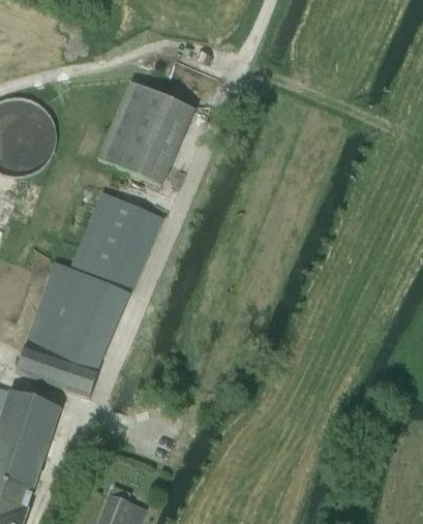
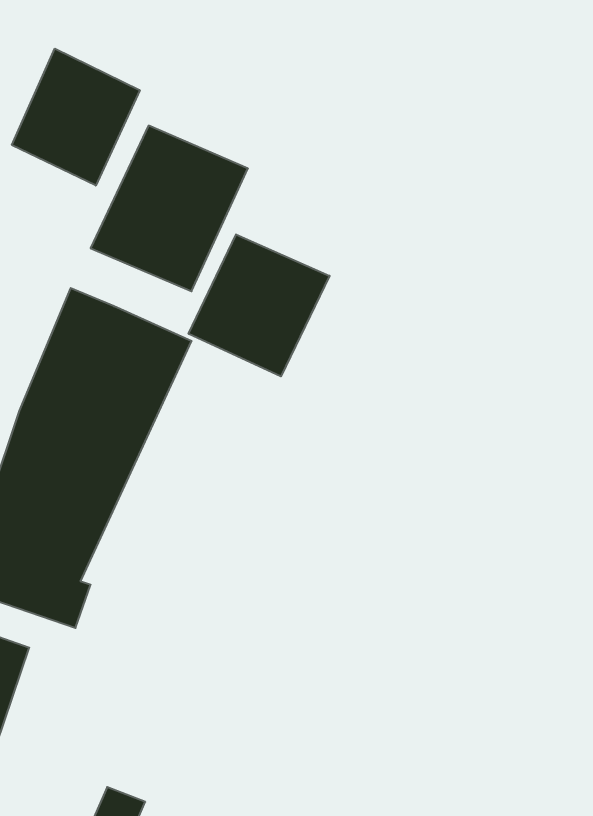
building: none -> [12,49,140,186]
building: none -> [189,234,330,376]

